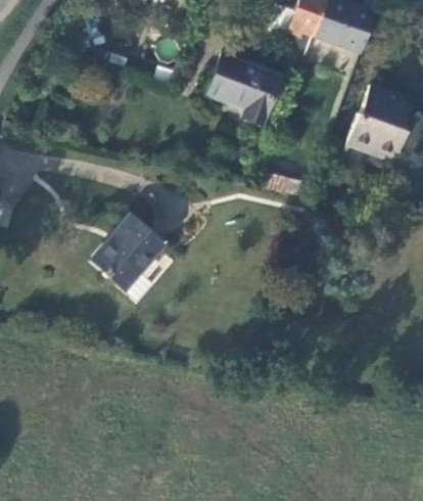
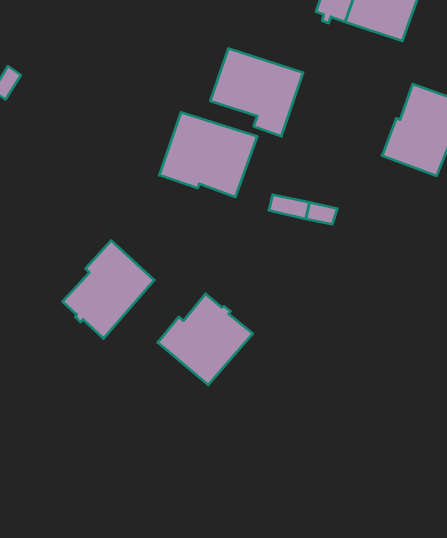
building: none -> [159,112,257,197]
building: none -> [158,294,253,385]

